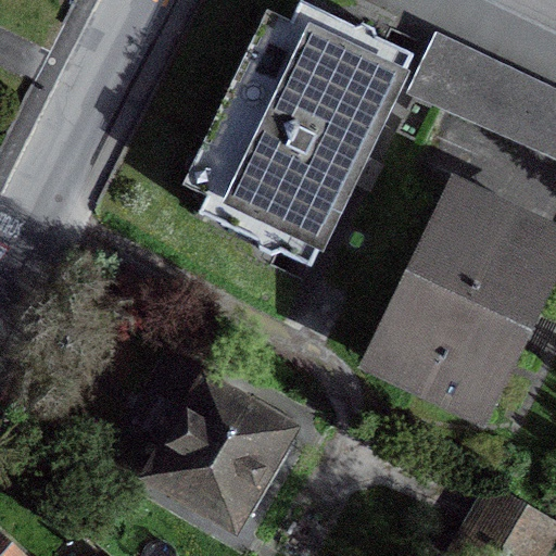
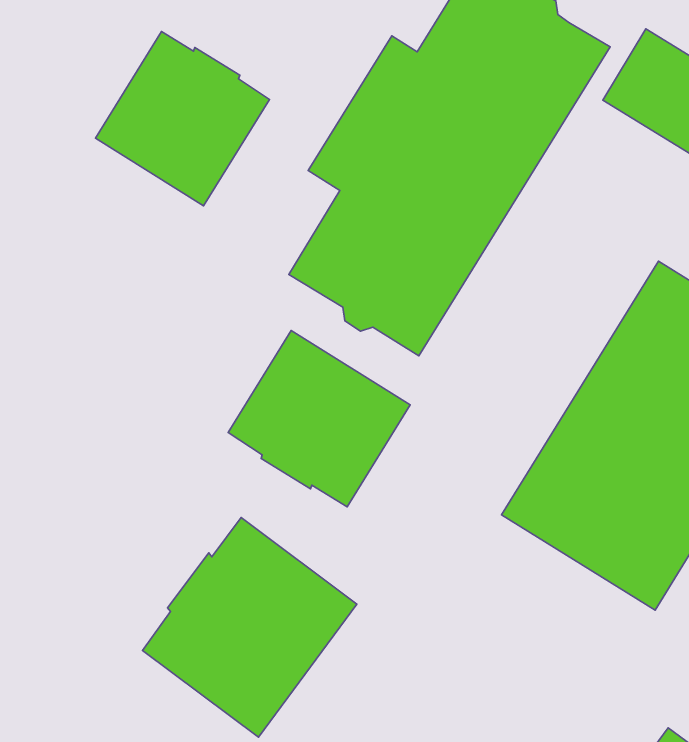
building: none -> [95,32,270,206]
building: none -> [228,331,410,507]

